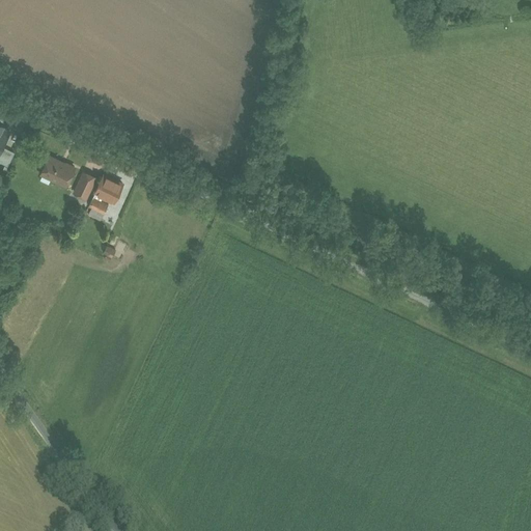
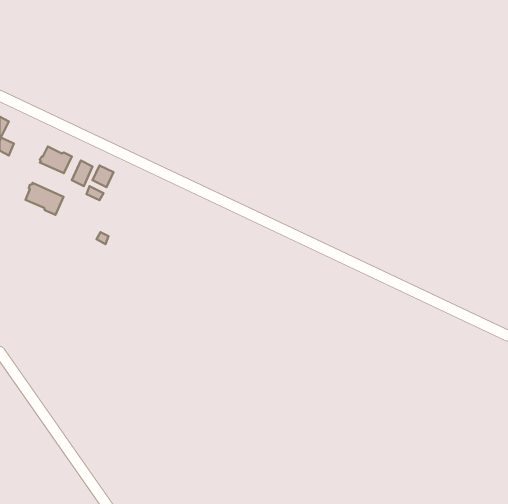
building: none -> [25,183,63,215]

